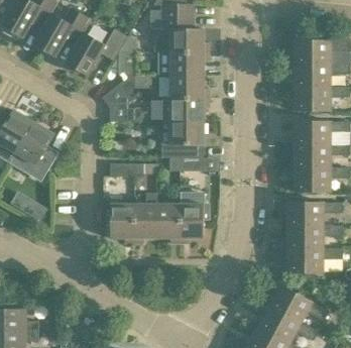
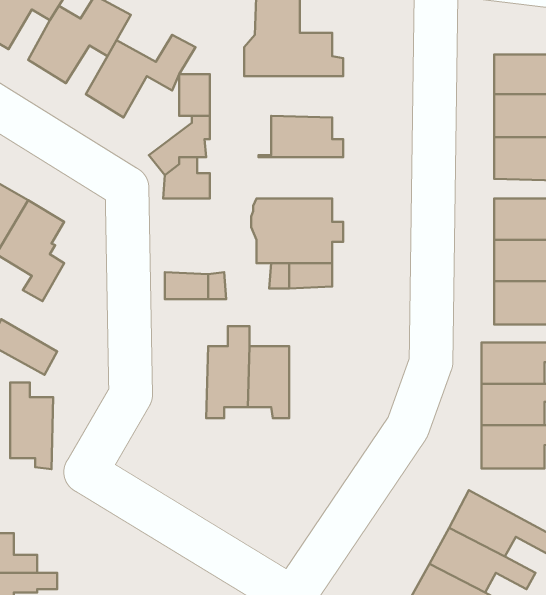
building: [170,52,211,76] -> none
building: [163,98,211,121] -> none
building: [181,193,205,244] -> none
building: [111,196,135,244] -> [10,383,53,469]

